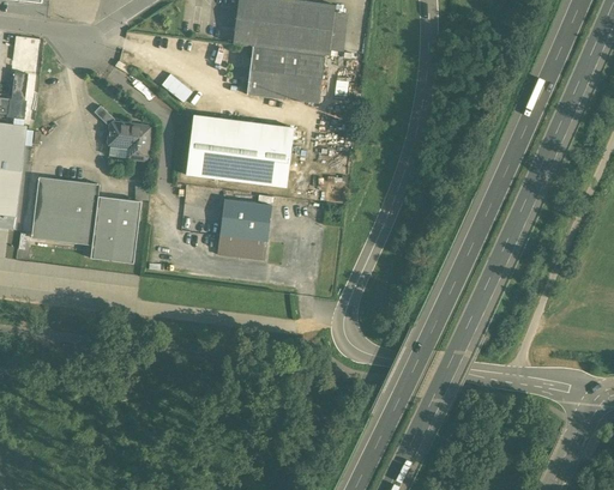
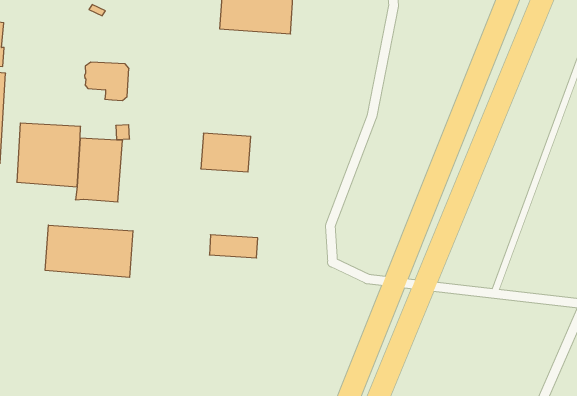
building: [185,114,293,187] -> none
building: [216,234,266,260] -> [209,235,258,258]
building: none -> [45,225,133,277]

